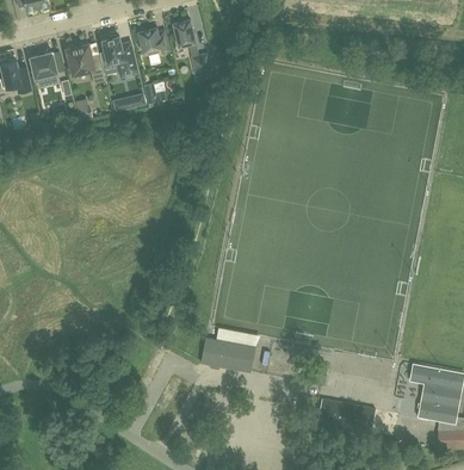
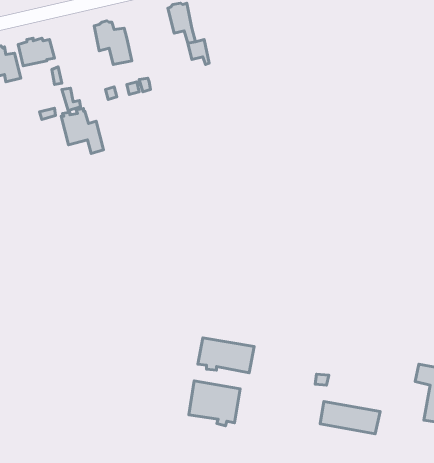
building: [134,26,168,55] -> none
building: [64,41,105,84] -> [61,109,104,153]
building: none -> [189,381,240,426]

